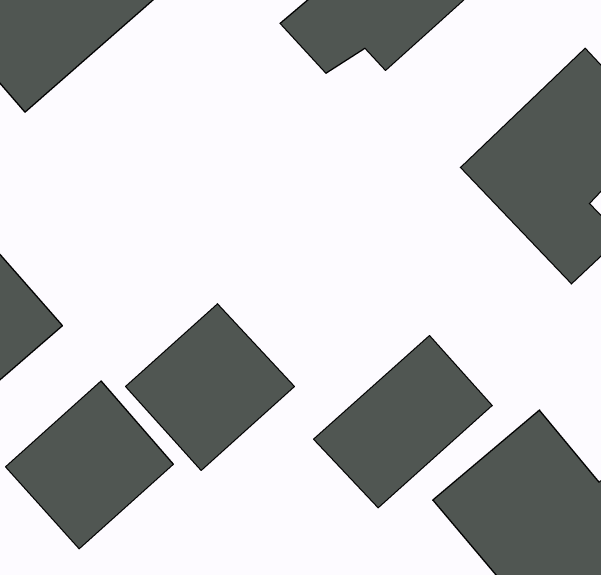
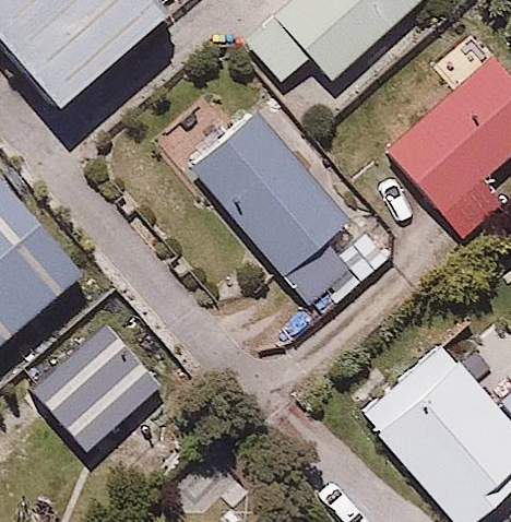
building: none -> [191,112,353,302]
building: [126,304,294,470] -> none
building: [314,336,492,508] -> none

